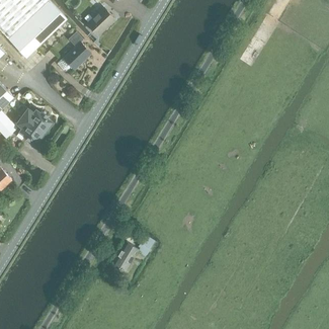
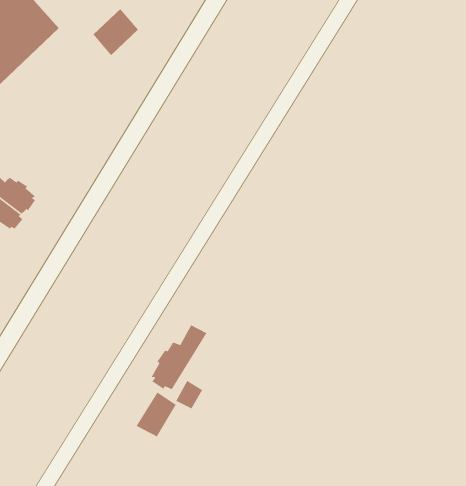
building: [57,40,91,69] -> none
building: none -> [150,324,208,390]

